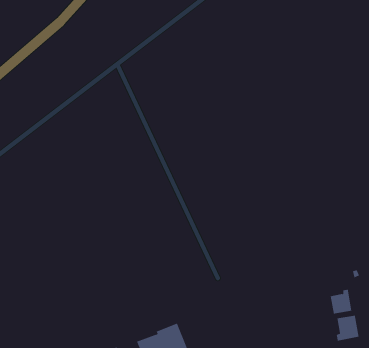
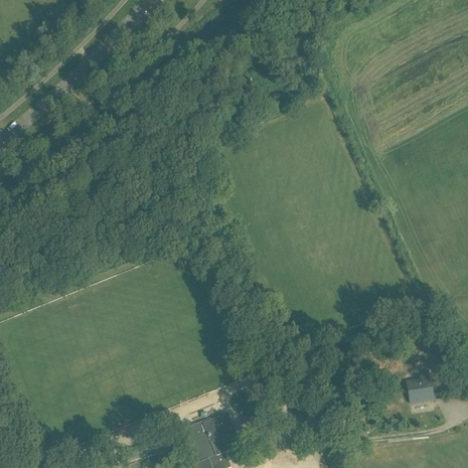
building: [336,315,359,341] -> none

